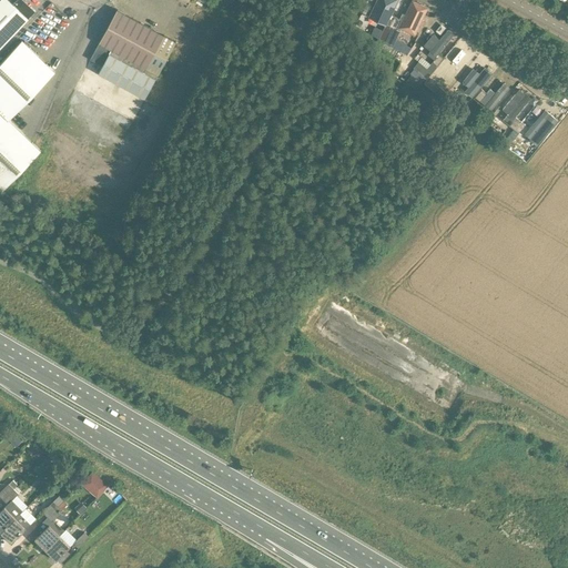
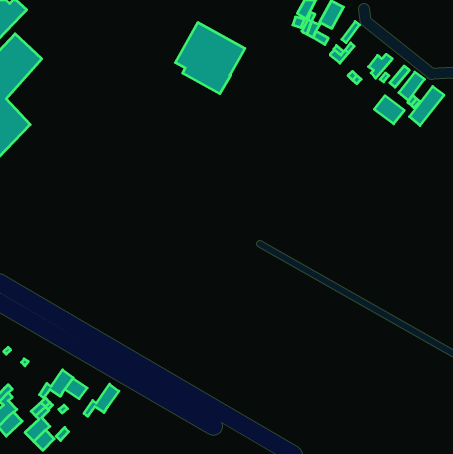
building: [88,11,174,100] -> [175,23,245,94]
building: none -> [374,96,404,124]
building: none -> [39,370,73,398]
building: none -> [84,384,119,416]

